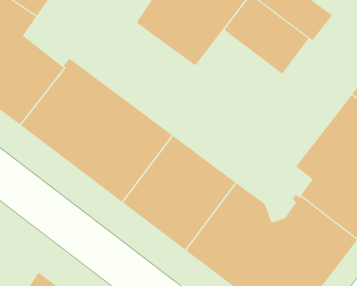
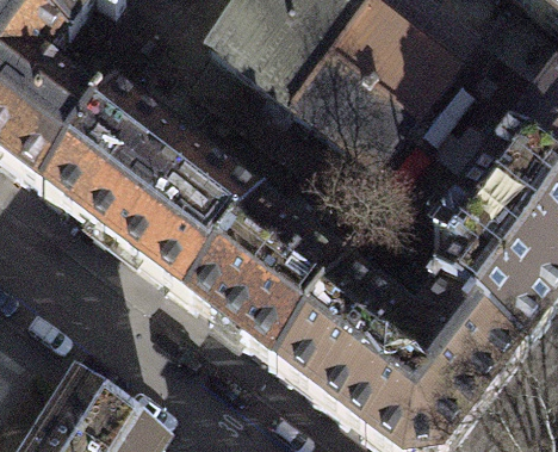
building: none -> [297,49,420,163]

